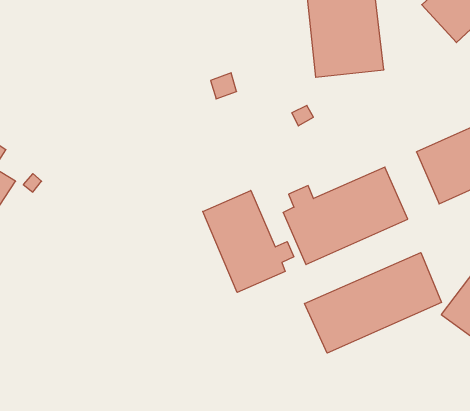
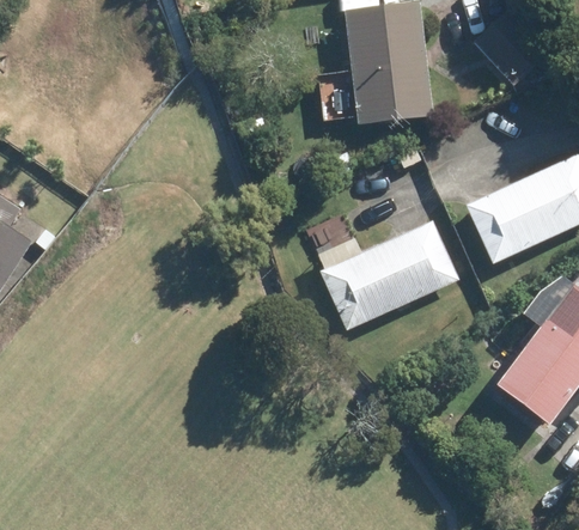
building: [203,190,294,292] -> none
building: [305,253,442,353] -> none

